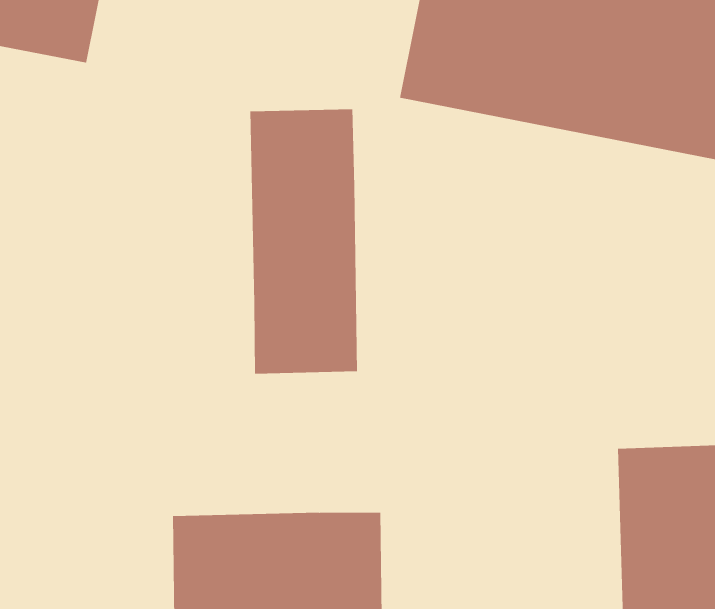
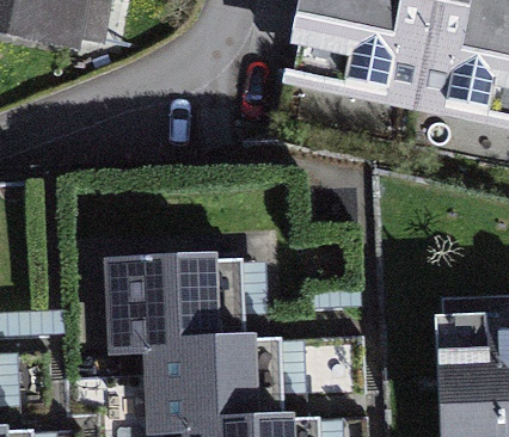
building: [250,108,357,374] -> none
building: none -> [100,257,239,345]

